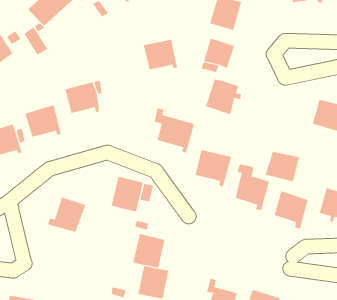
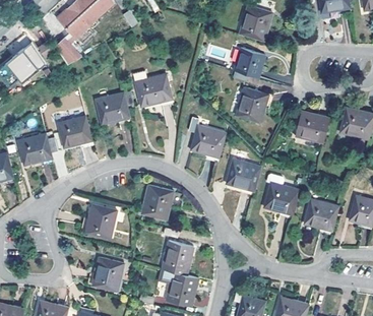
building: [143,39,178,70] -> [134,75,169,106]
building: [265,151,300,182] -> [295,113,329,143]
building: none -> [86,259,121,292]

